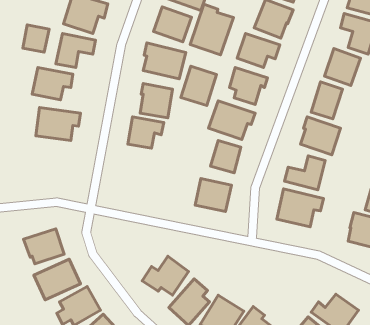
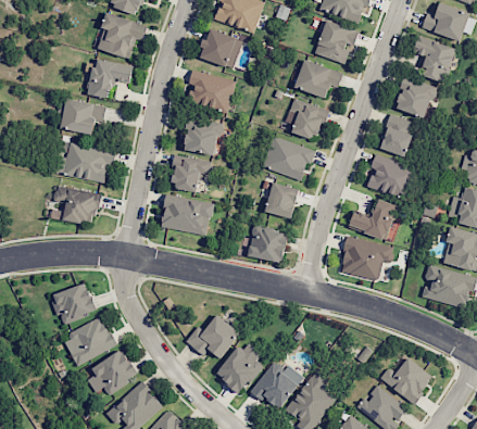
building: [190,4,234,55] -> none
building: [23,25,49,52] -> none
building: [181,66,217,106] -> none
building: none -> [53,186,99,224]
building: none -> [162,195,212,235]

